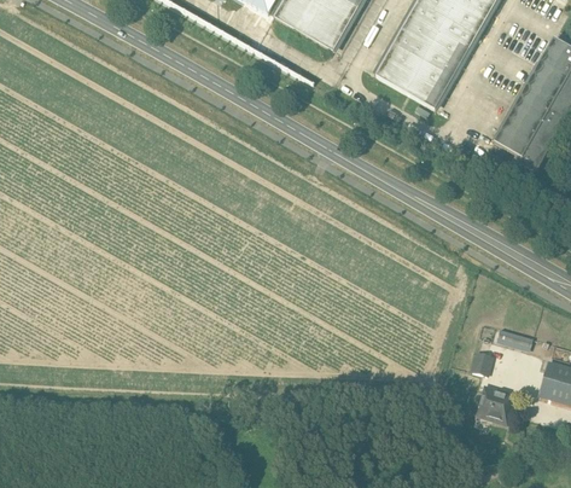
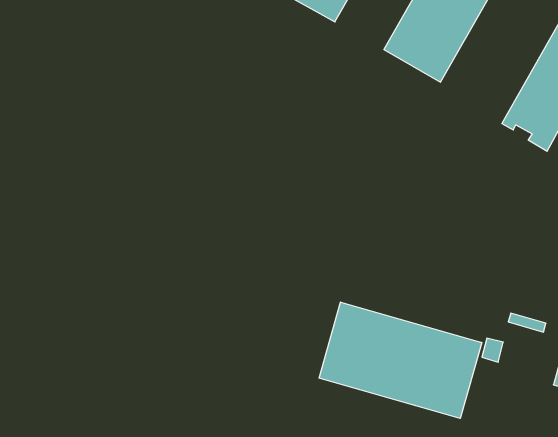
building: none -> [319,302,482,418]
building: [480,388,515,422] -> none

